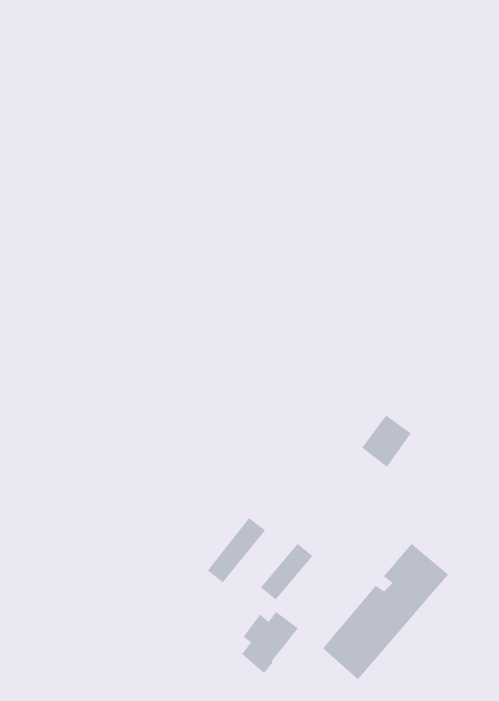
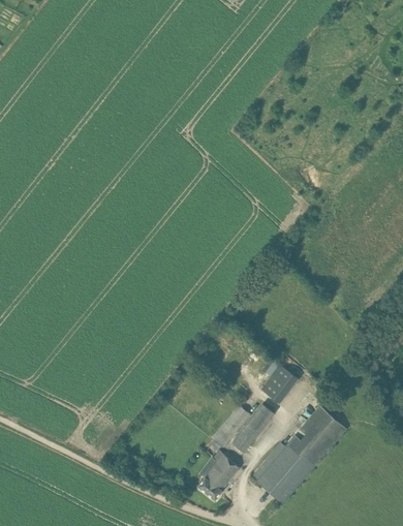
building: [361,415,412,468] -> [261,365,298,403]
building: [207,517,266,583] -> [233,403,275,451]

